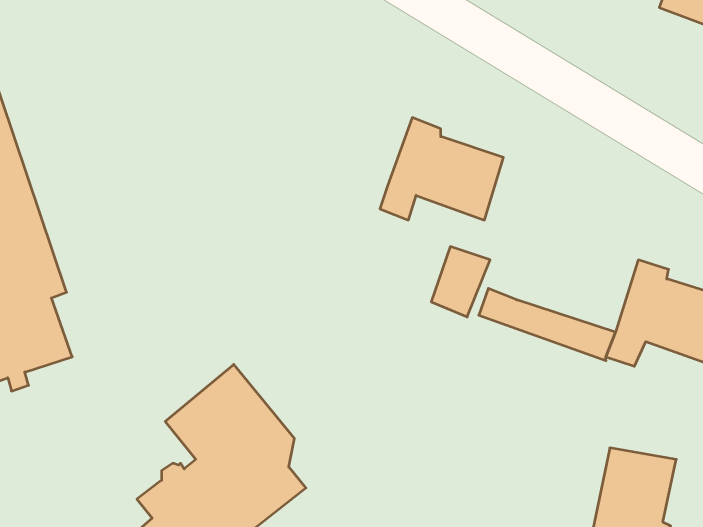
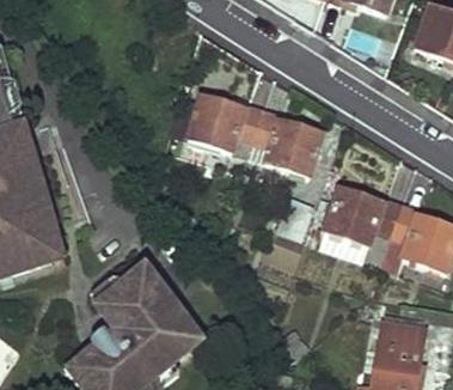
building: none -> [186,96,262,154]
building: none -> [327,184,404,246]

